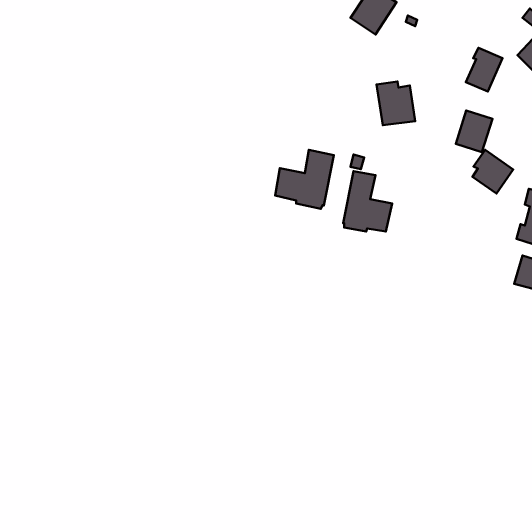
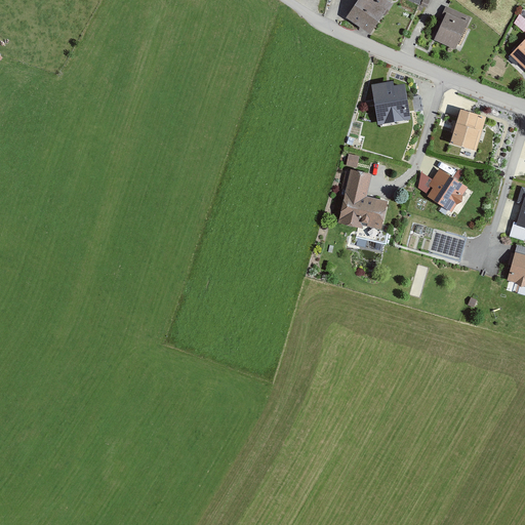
building: [466,48,502,92] -> [433,6,469,49]
building: [473,150,513,194] -> [427,168,467,211]
building: [275,150,334,209] -> none

